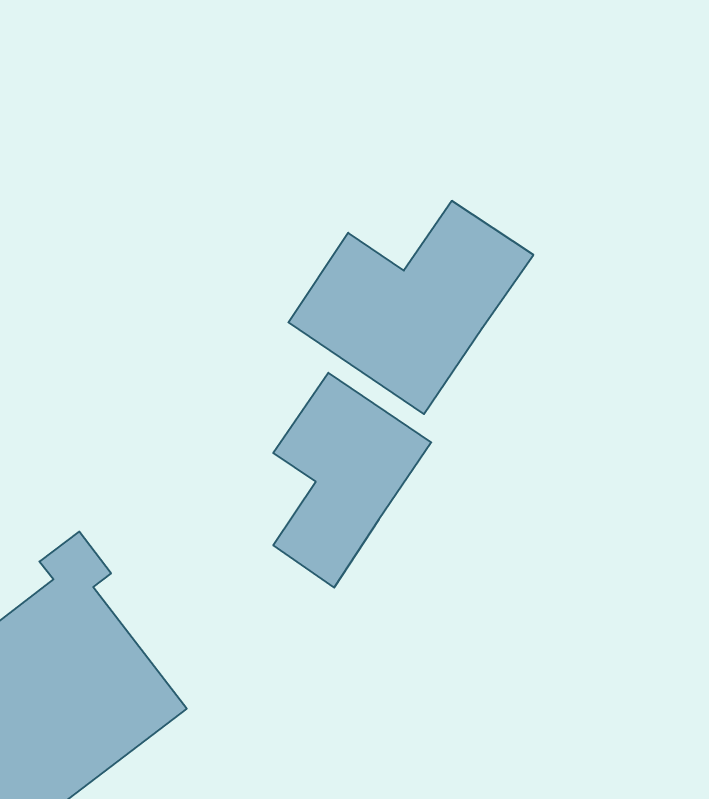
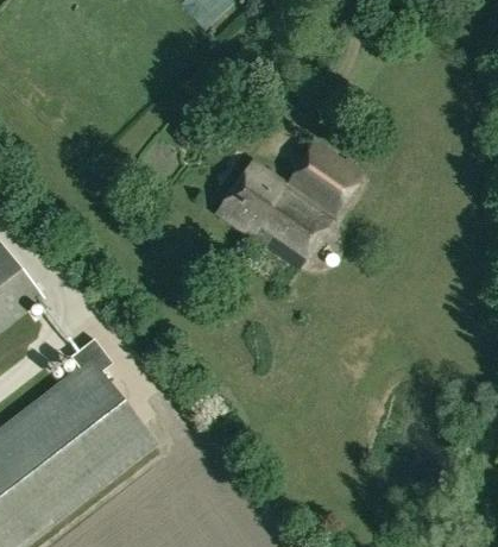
building: [273,373,431,588] -> none

